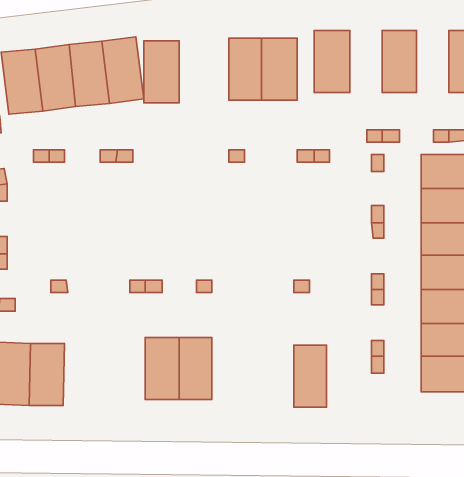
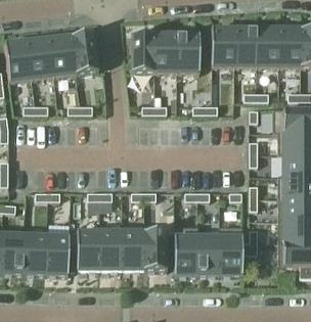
building: none -> [234,27,256,67]
building: none -> [278,27,300,67]
building: [144,41,179,103] -> [131,32,154,73]
building: none -> [77,229,99,270]
building: none -> [143,229,167,270]
building: none -> [45,233,70,275]
building: none -> [174,234,197,275]
building: none -> [219,234,242,275]

